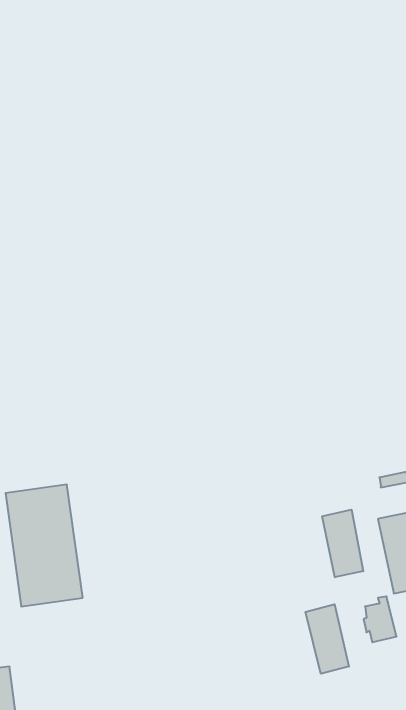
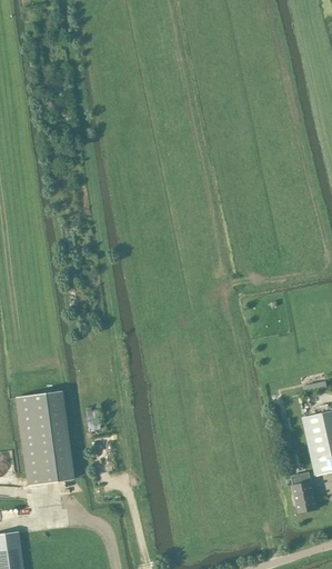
building: [322,510,363,577] -> none
building: [305,604,349,674] -> none

